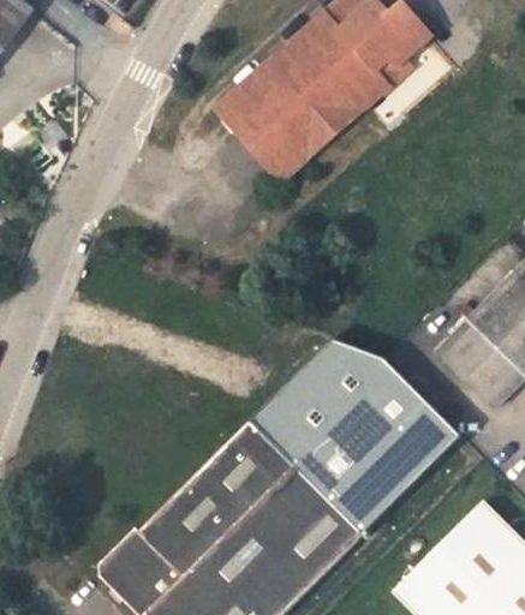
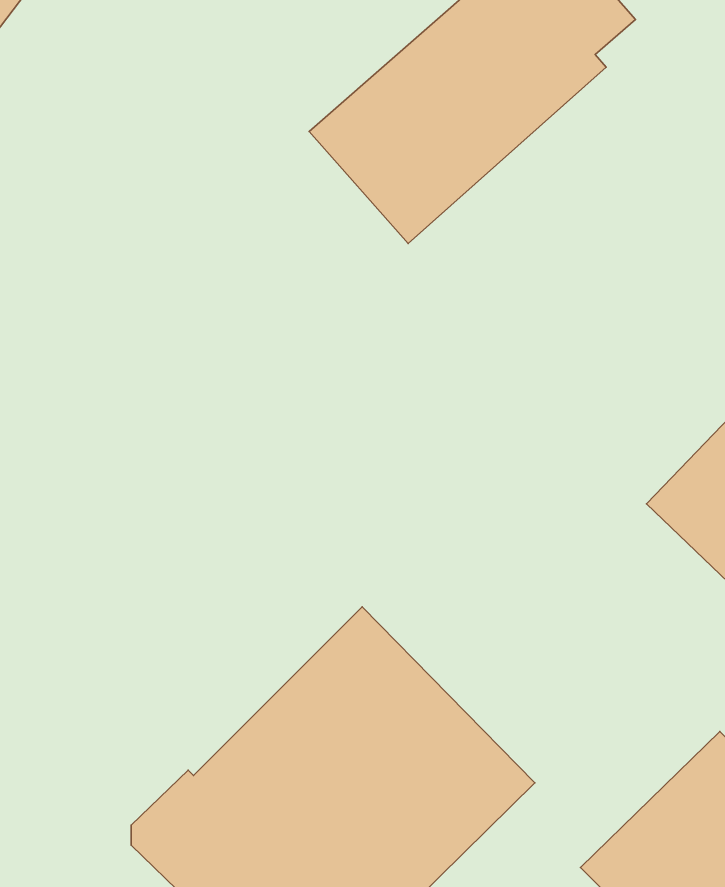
building: [250,340,463,536] -> none

